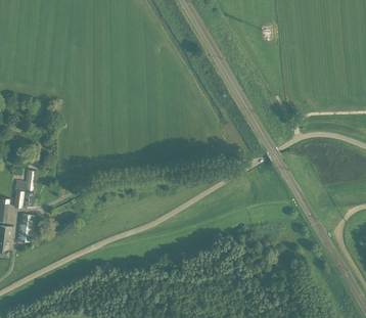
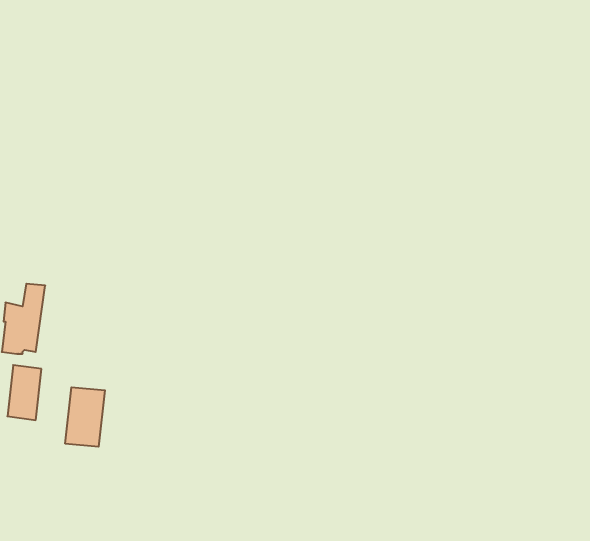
building: none -> [65,387,105,447]

